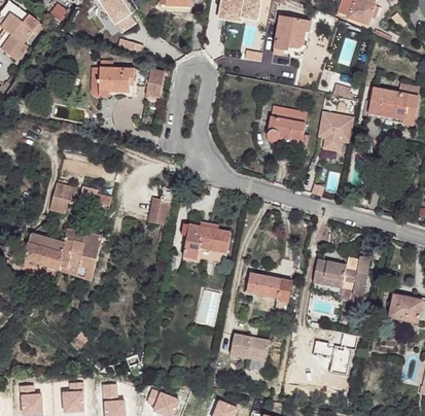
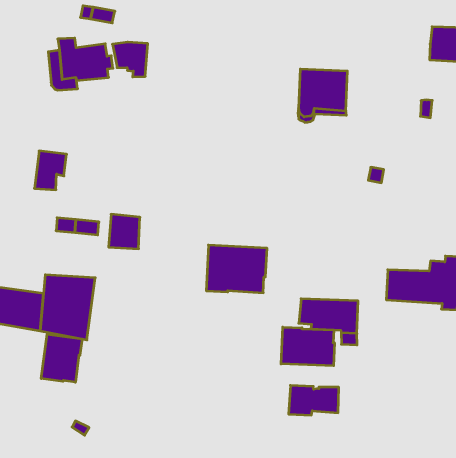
building: [317,111,354,151] -> none
building: [49,183,76,213] -> [34,151,67,190]
building: [147,198,173,226] -> [109,214,140,249]
building: none -> [41,334,82,382]
building: none -> [281,327,334,366]

